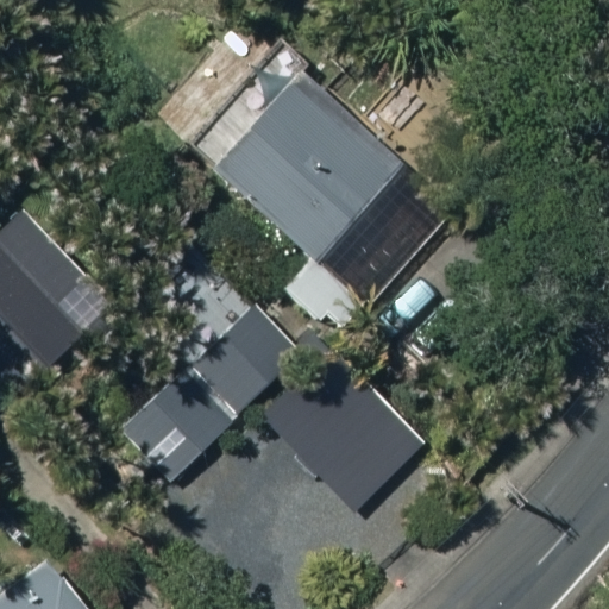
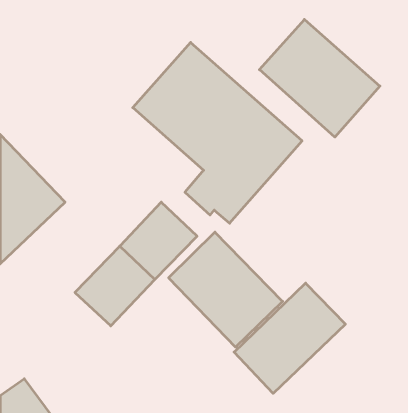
building: none -> [259,19,380,137]
building: none -> [234,283,345,393]

